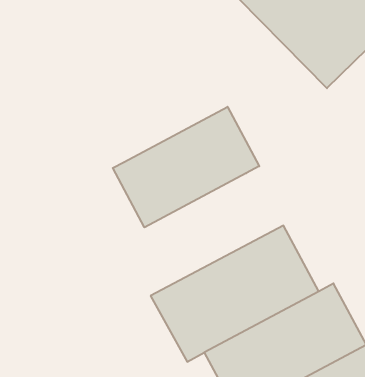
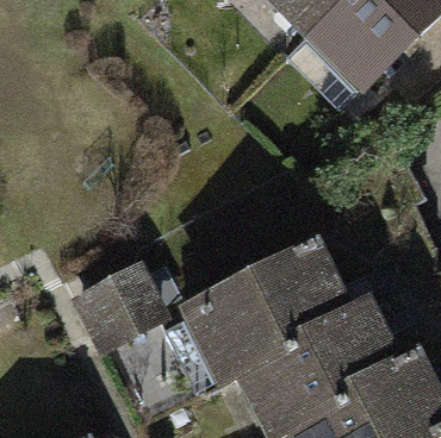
building: [113,107,259,227] -> none
building: none -> [73,267,166,355]

